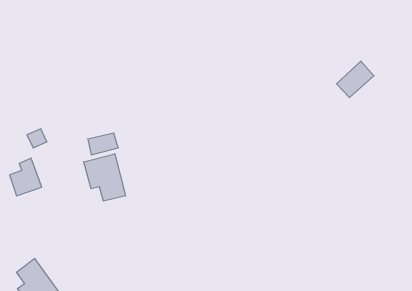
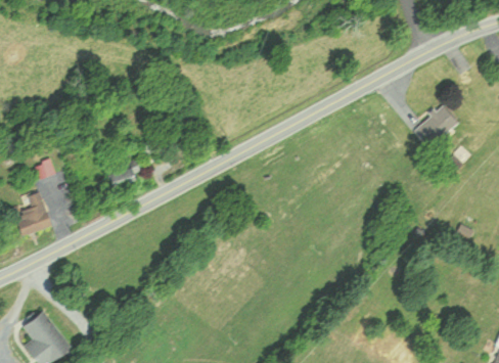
building: [337,61,374,98] -> [413,105,457,148]
building: [84,154,126,201] -> none

